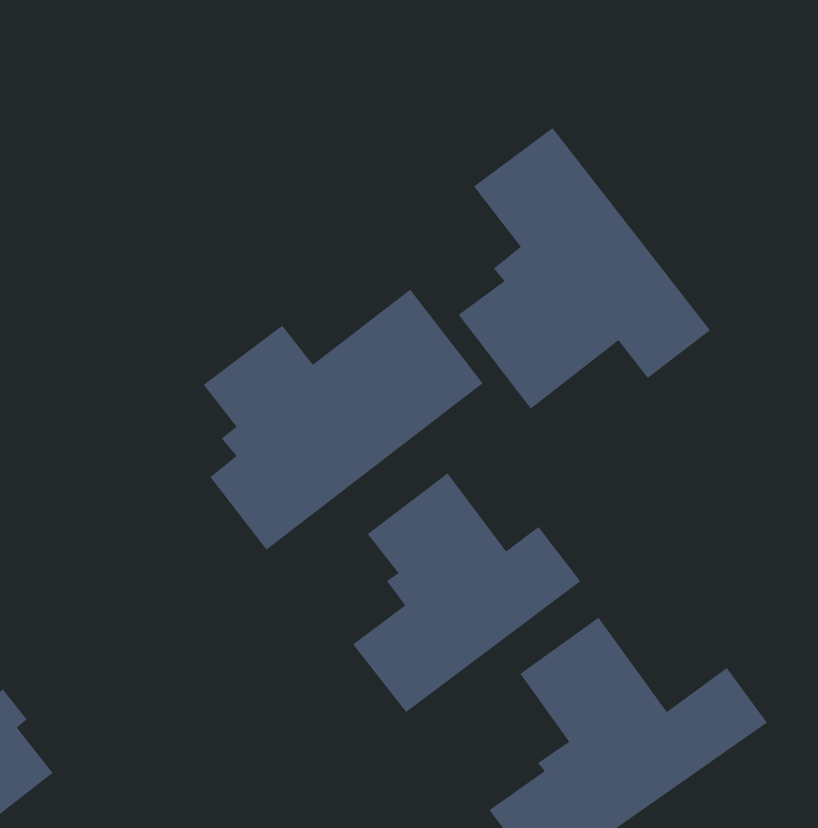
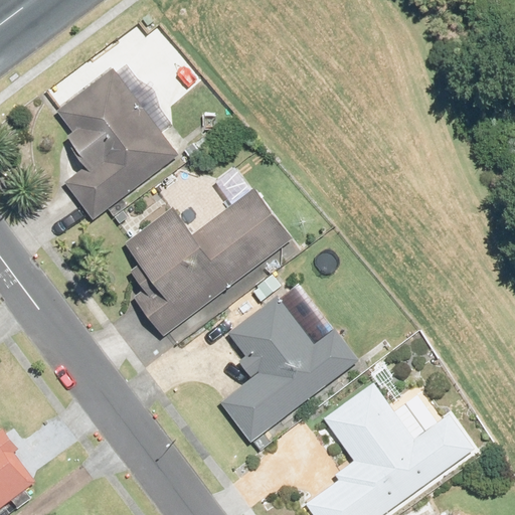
building: none -> [56,66,179,218]
building: [458,127,711,410] -> none

